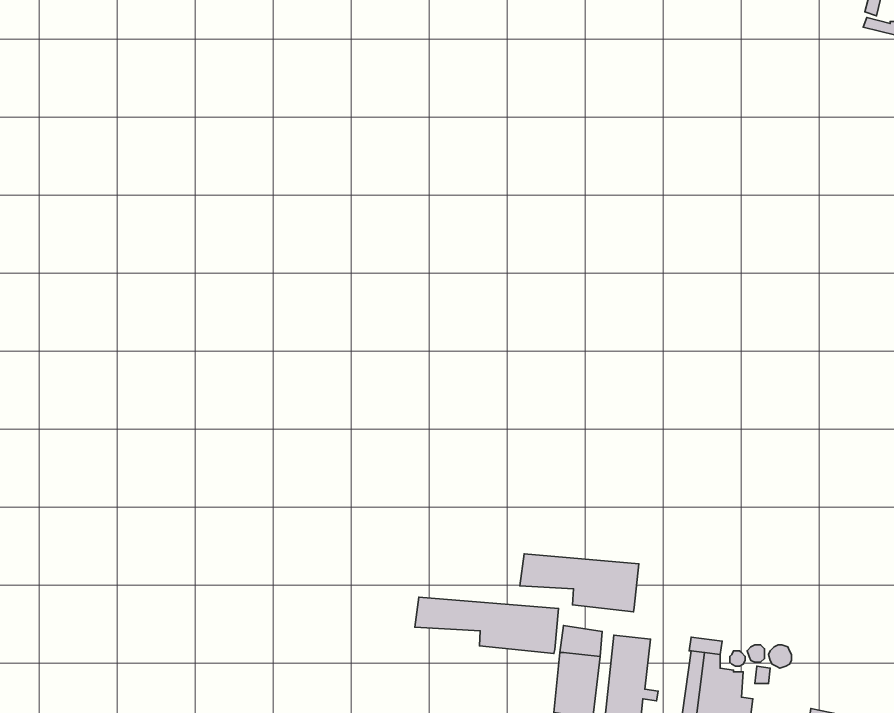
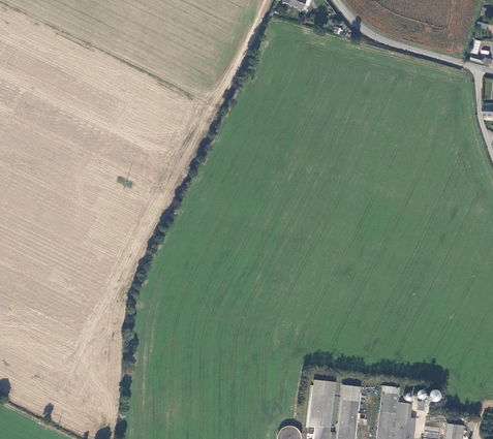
building: [520,554,639,612] -> none
building: [415,597,559,654] -> none

